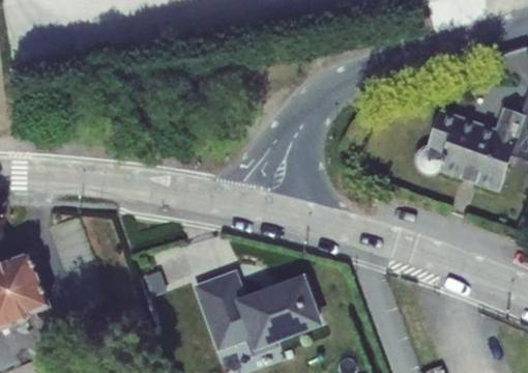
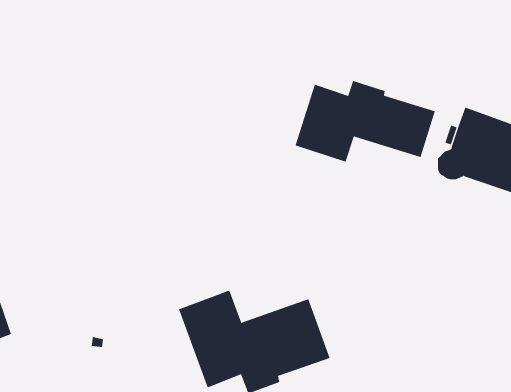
building: none -> [295,80,436,163]

